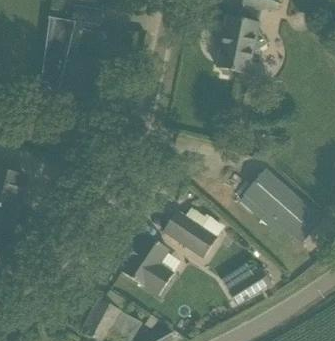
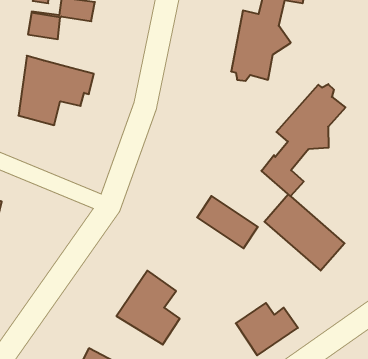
building: none -> [261,84,345,196]
building: [163,210,214,254] -> [197,196,258,248]

